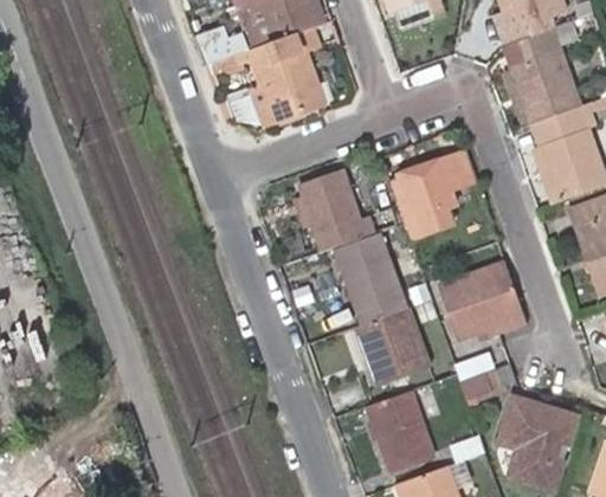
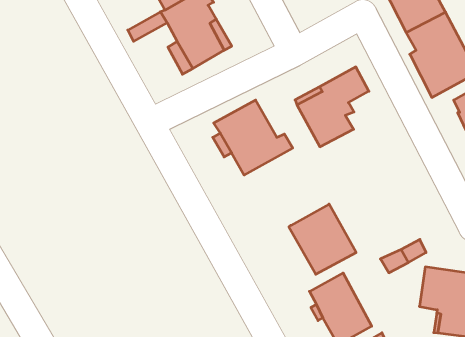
building: [334,235,408,323] -> none
building: [439,263,524,337] -> none

